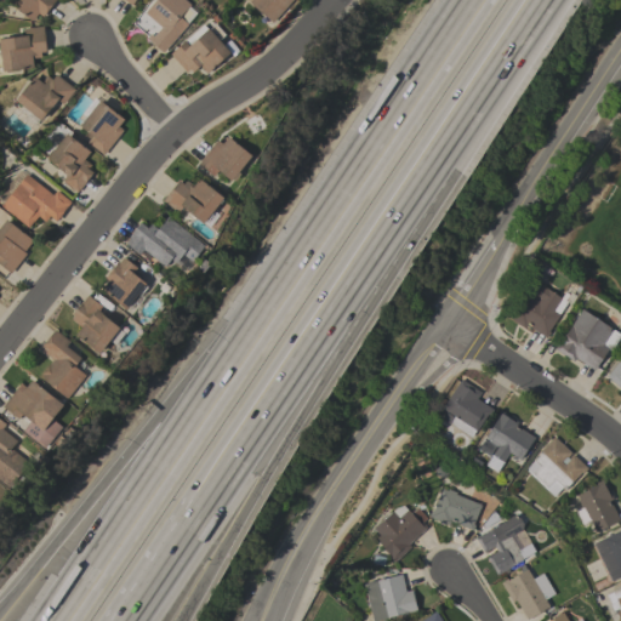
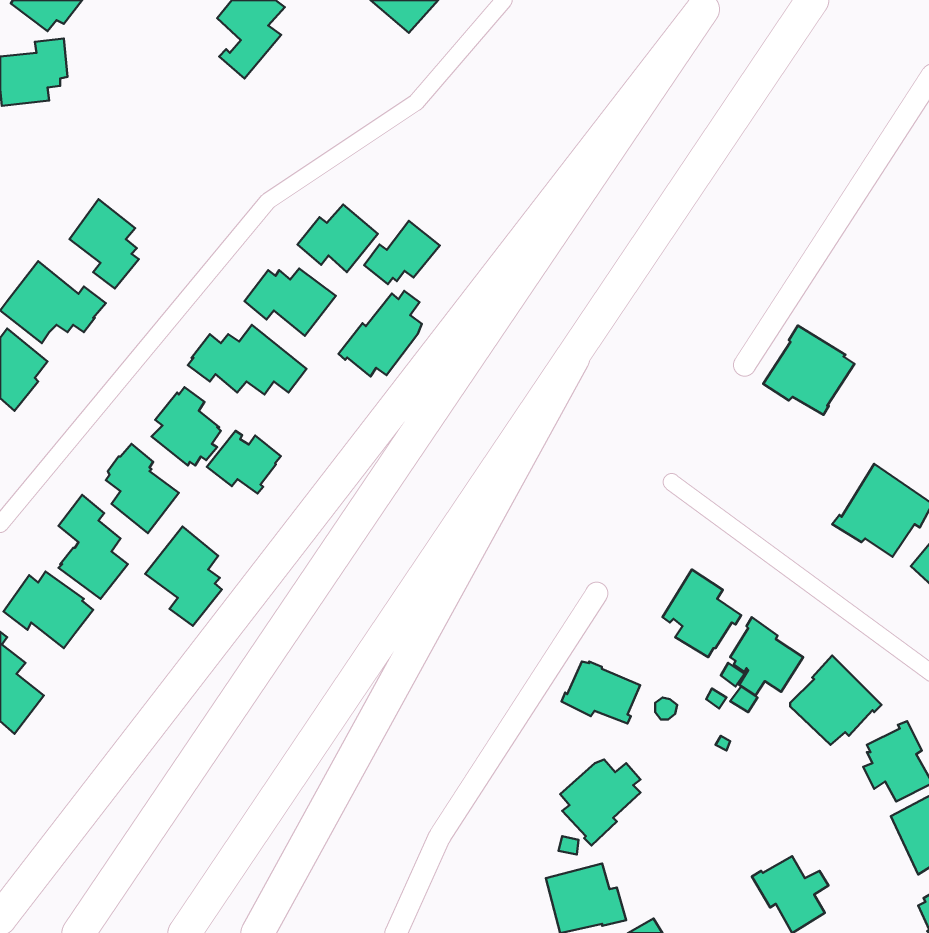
building: [171,28,232,73] -> none
building: [17,74,76,120] -> none
building: [81,97,125,155] -> none
building: none -> [364,221,440,284]
building: none -> [339,291,422,376]
building: [508,278,569,337] -> [763,326,855,415]
building: none -> [207,431,281,494]
building: none -> [145,527,222,626]
building: [431,489,483,530] -> [562,661,640,723]
building: [477,513,529,575] -> none

